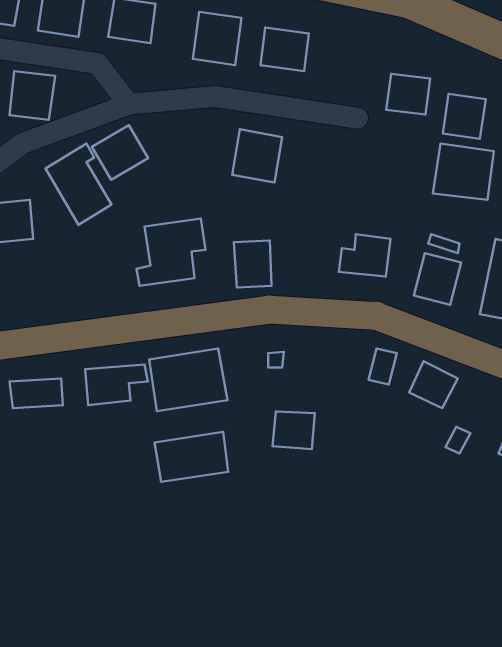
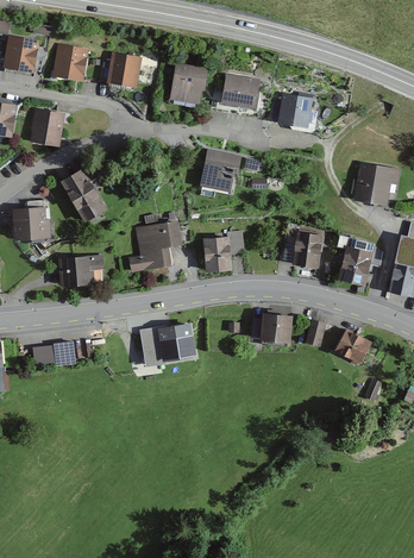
building: [386,74,430,114] -> [277,95,310,126]
building: [443,94,486,139] -> none
building: [92,125,148,180] -> none
building: [85,364,148,405] -> [57,253,105,284]
building: [273,412,315,449] -> [259,314,291,343]
building: [155,432,228,482] -> none

